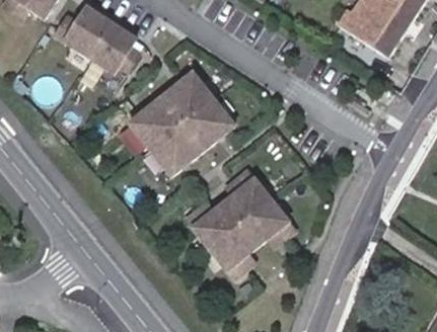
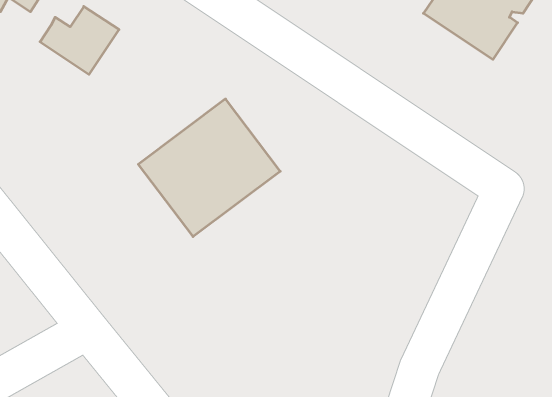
building: [89,24,137,74] -> none
building: [186,175,289,278] -> none

